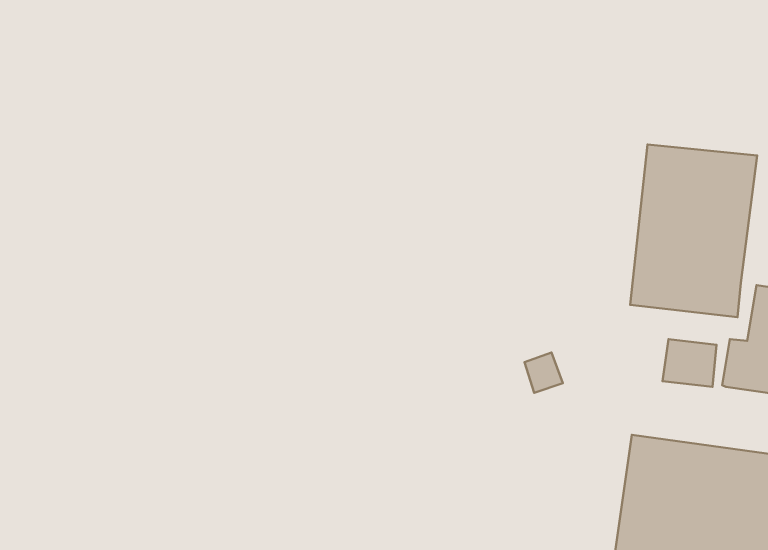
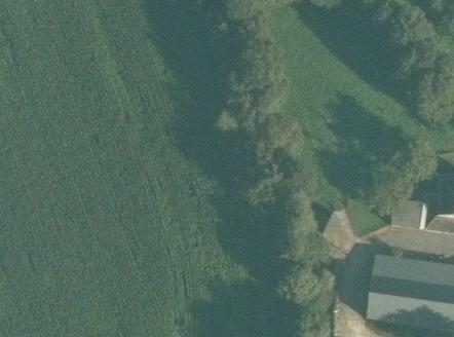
building: [630,144,757,317] -> none

